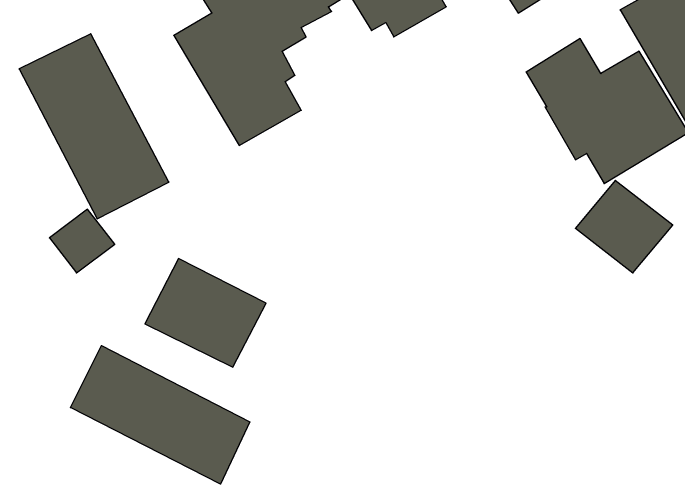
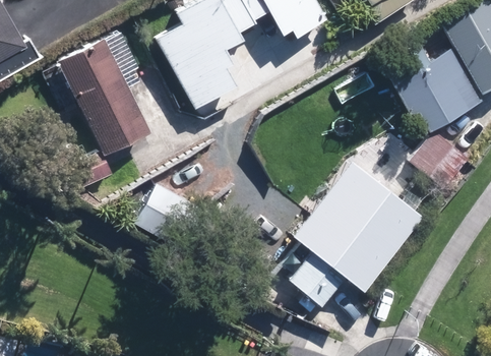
building: none -> [289,162,424,307]
building: [70,346,250,484] -> none

